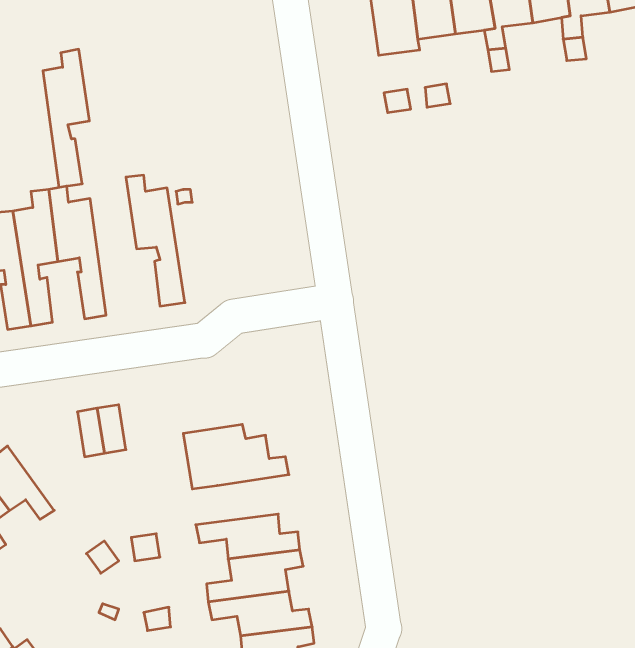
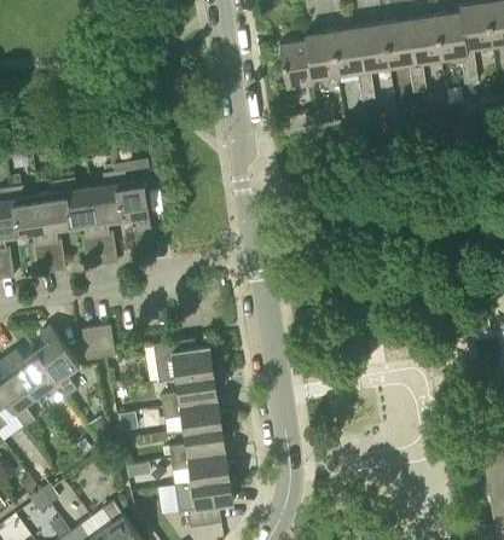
building: [43,49,89,187] -> [91,172,122,265]
building: none -> [35,326,79,396]
building: none -> [161,372,226,406]

